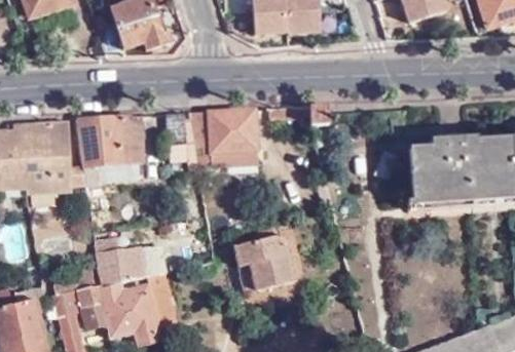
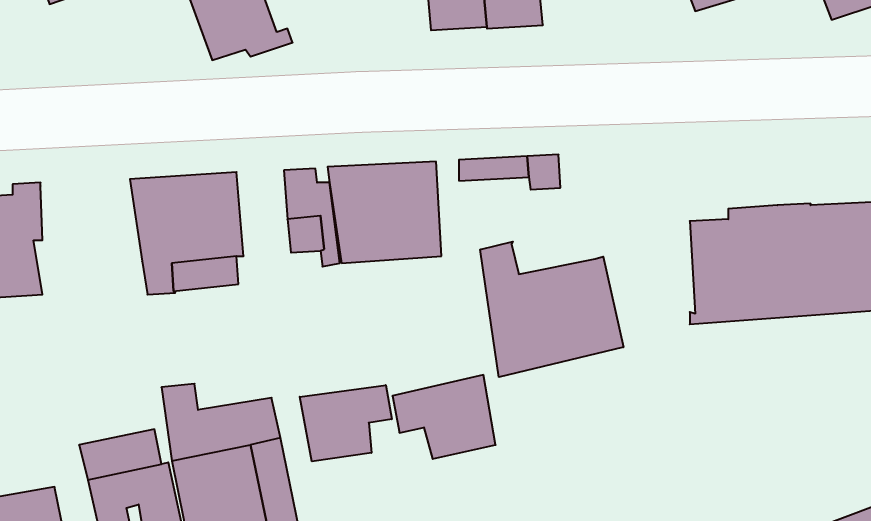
building: [21,122,87,197] -> none
building: none -> [480,242,623,377]
building: none -> [300,385,392,461]

